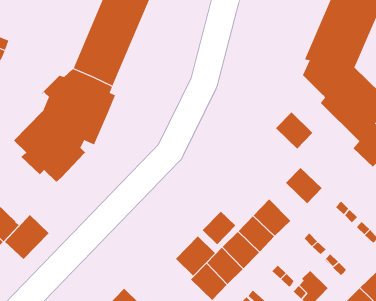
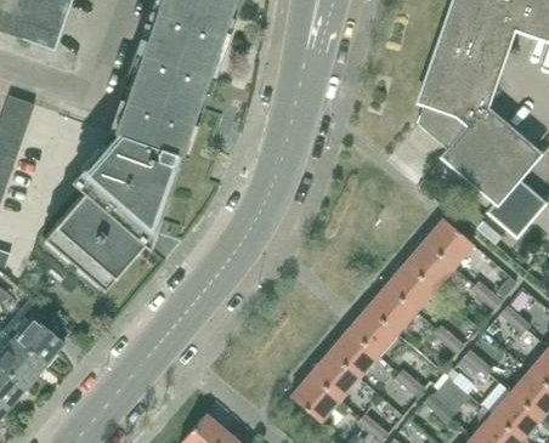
building: [275,112,313,150] -> [423,218,472,267]
building: none -> [385,263,435,312]
building: [202,211,236,245] -> none
building: [4,214,49,260] -> none
building: [175,235,216,276] -> none

